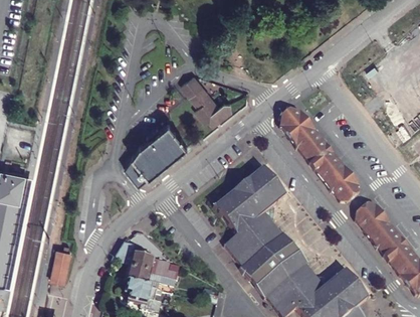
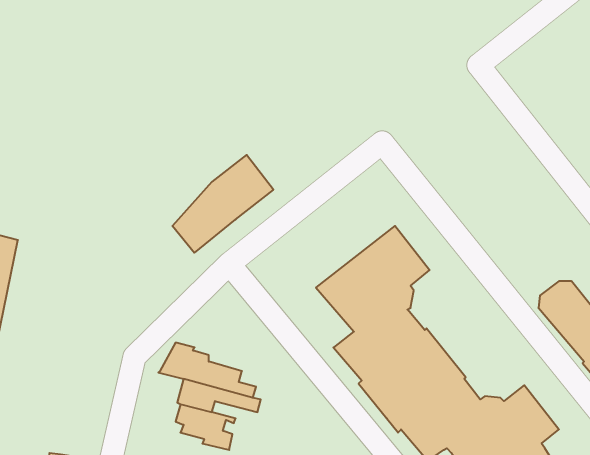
building: [181,75,230,125] -> none
building: [281,110,360,202] -> none
building: [51,248,71,280] -> none

